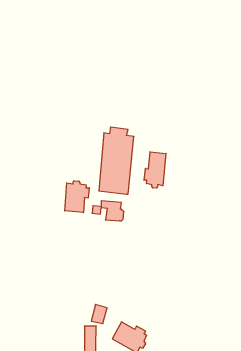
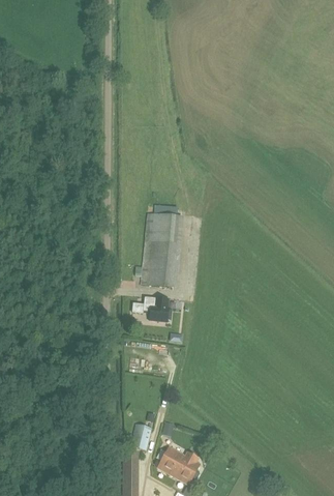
building: [144,152,166,188] -> none
building: [65,181,89,213] -> none

